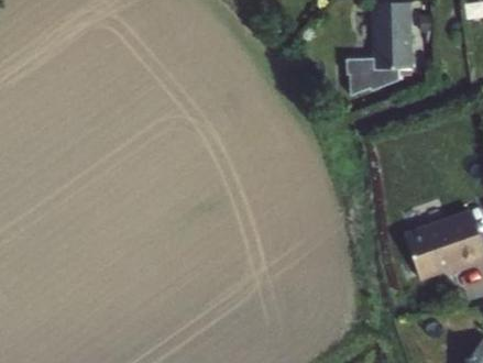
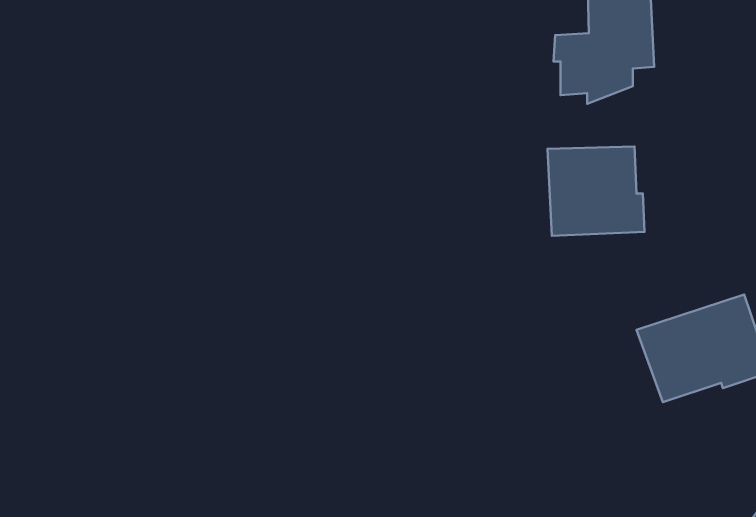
building: none -> [548,146,644,236]

